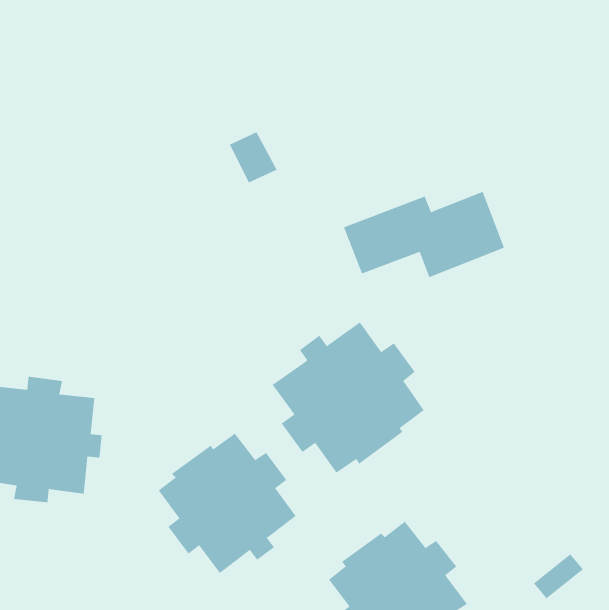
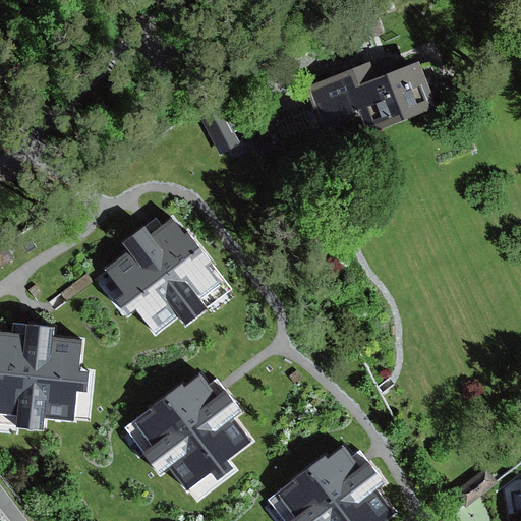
building: [343,191,505,278] -> [300,60,437,133]
building: none -> [103,219,221,336]
building: [272,322,424,474] -> none

